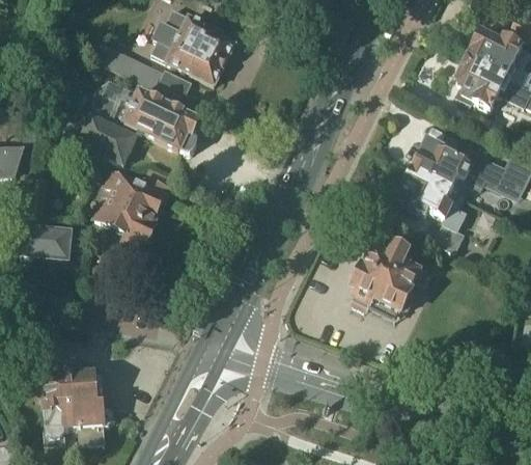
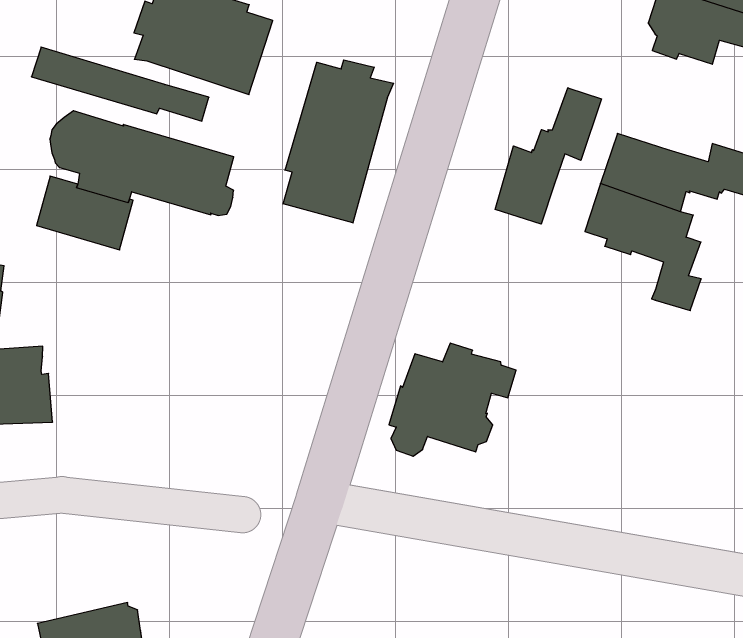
building: none -> [283,60,394,223]
building: none -> [495,88,602,224]
building: [88,161,172,248] -> none
building: [352,245,431,311] -> [389,343,516,456]

